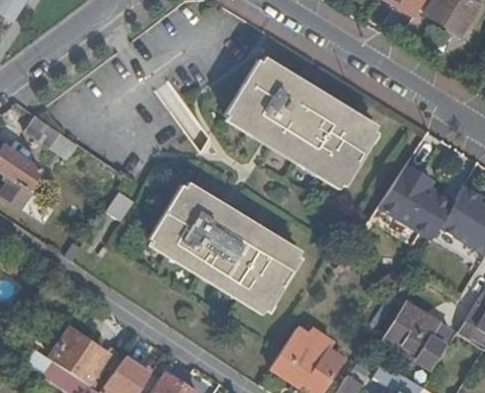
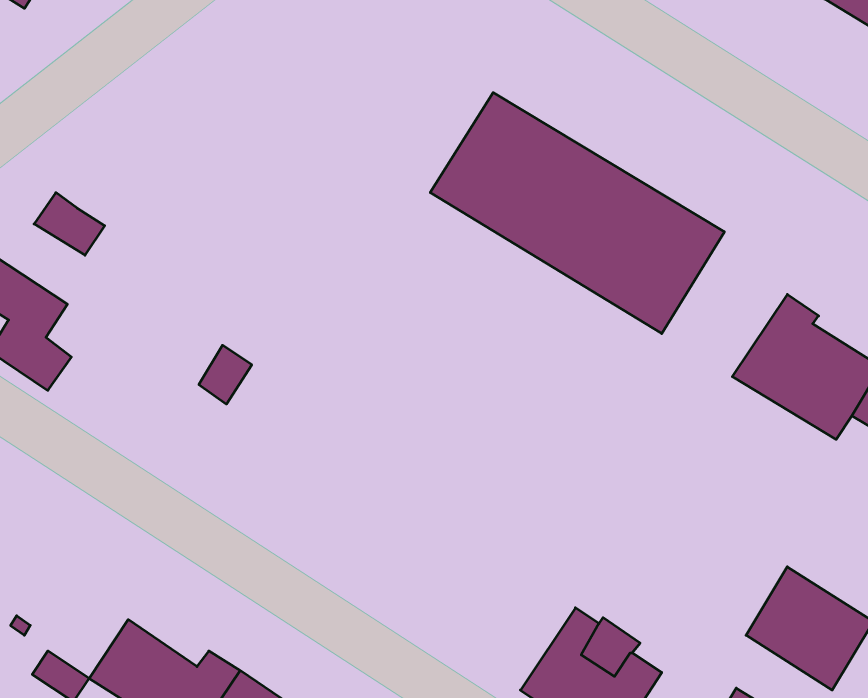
building: [149,183,299,312] -> none

